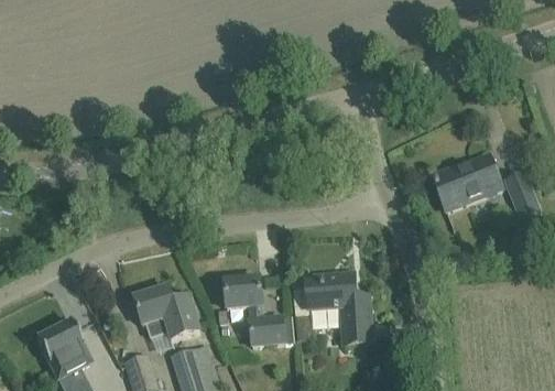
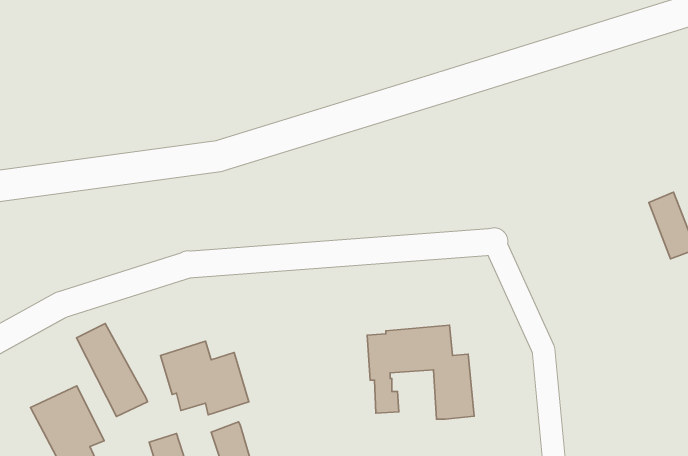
building: [432,154,503,209] -> none
building: none -> [77,323,148,416]
building: [226,276,294,345] -> none

